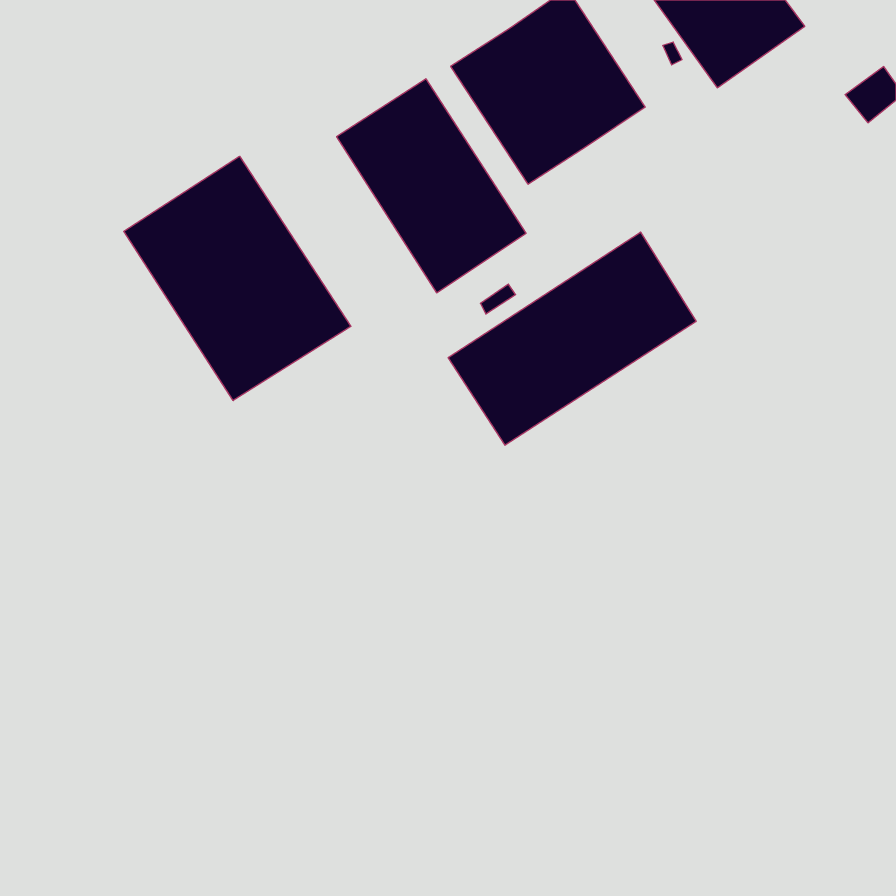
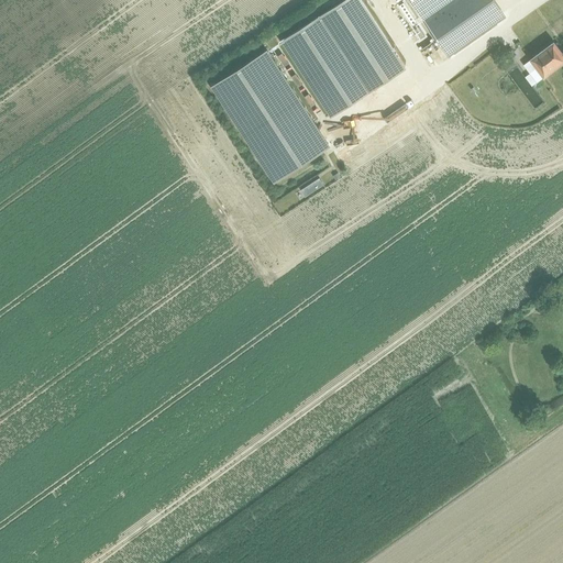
building: [124,156,351,401] -> none
building: [448,232,696,445] -> none

